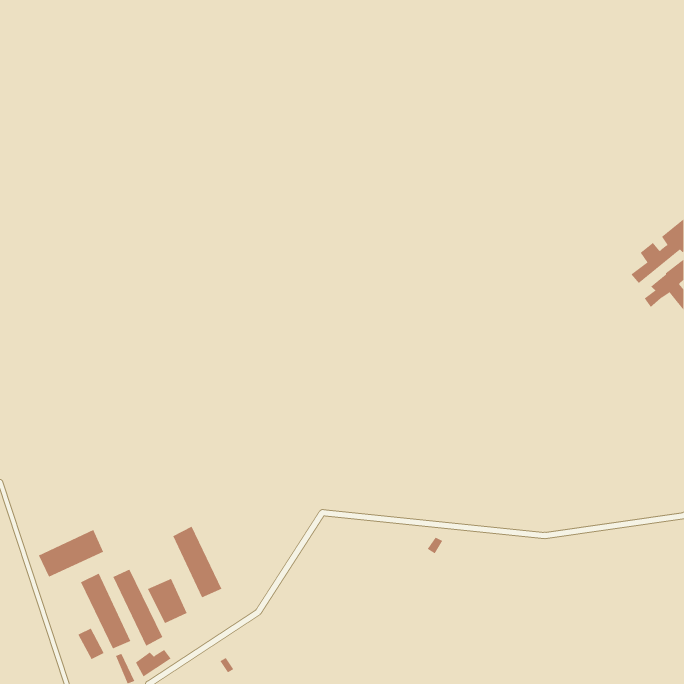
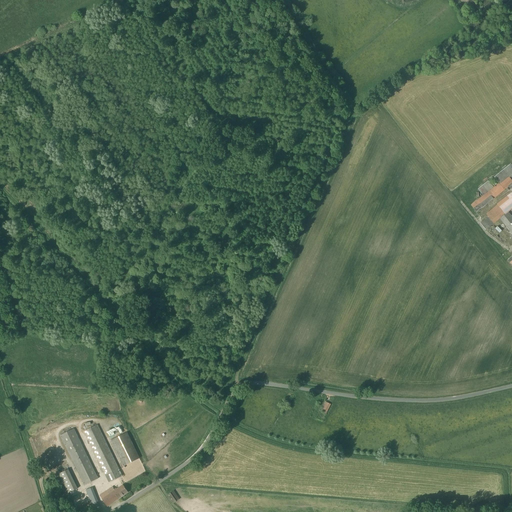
building: [173,526,222,598] -> none
building: [38,529,104,577] -> none

